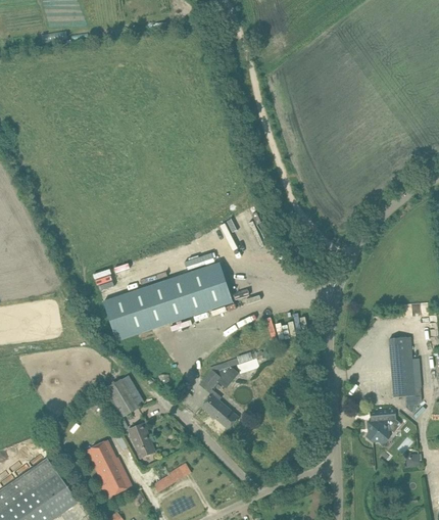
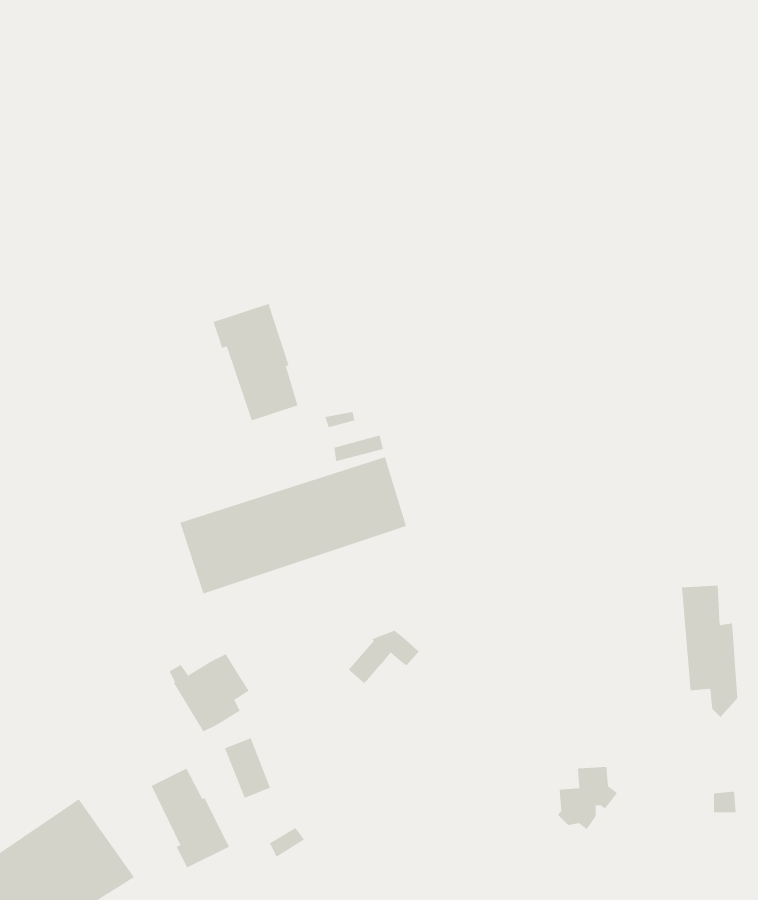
building: none -> [213,303,298,421]
building: [201,388,239,429] -> none
building: [367,407,401,446] -> [557,765,618,834]

